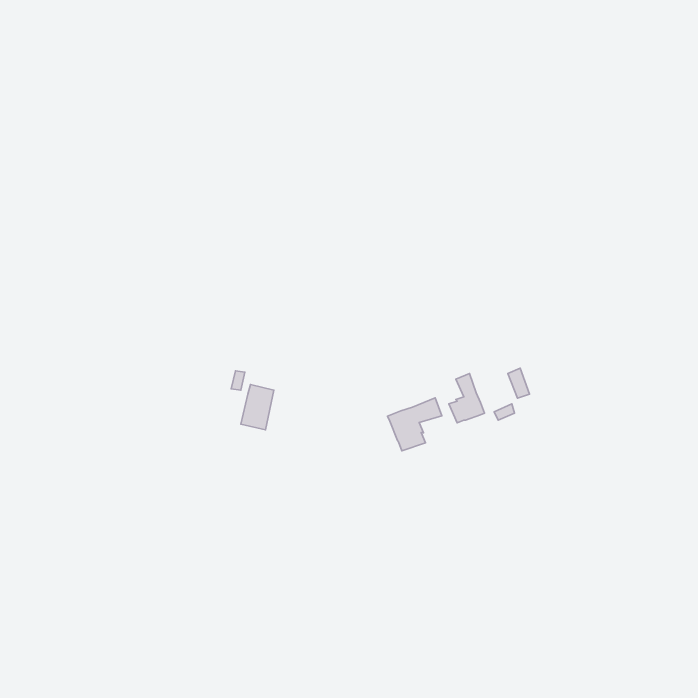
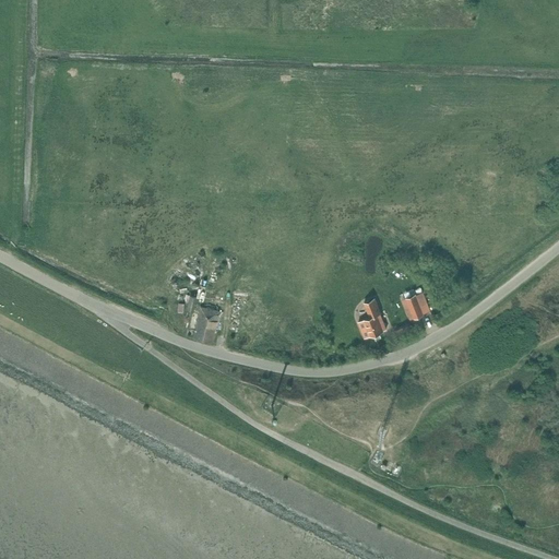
building: [388,398,442,451] -> none

